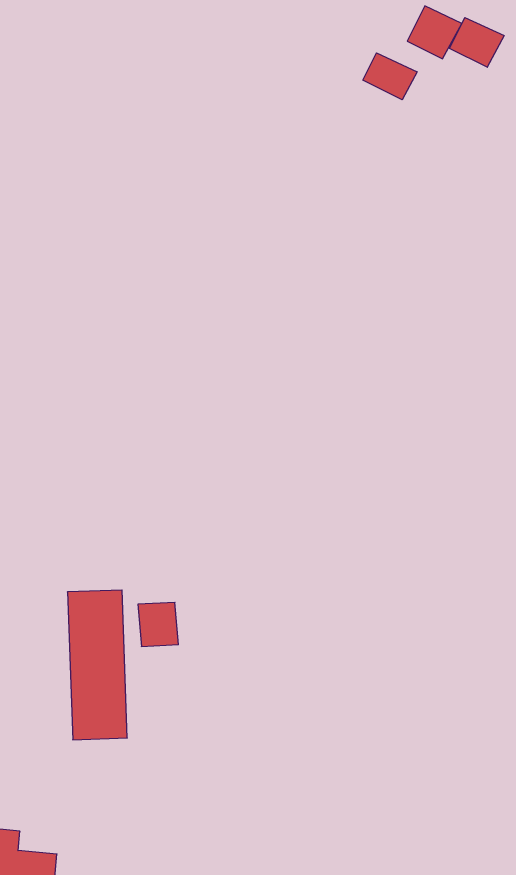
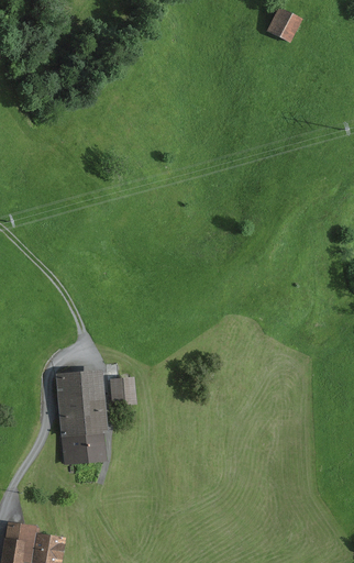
building: [449,18,504,67] -> none
building: [363,53,417,100] -> none

